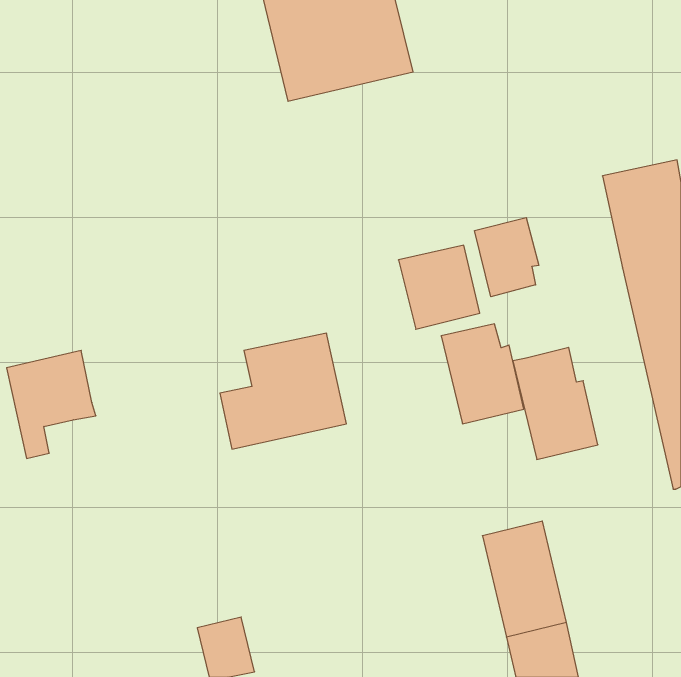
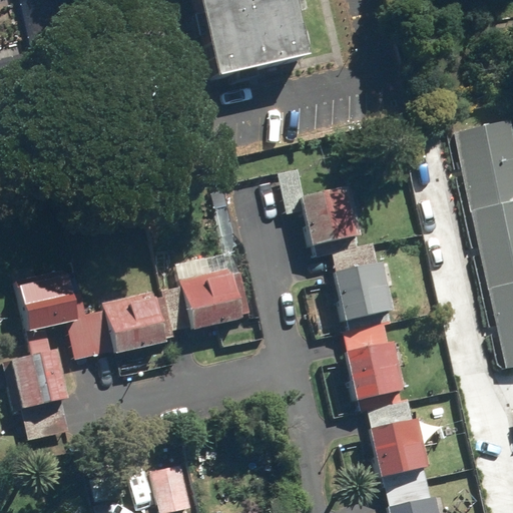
building: [475,218,539,297] -> none
building: [513,347,598,459] -> [339,317,403,401]
building: none -> [66,295,166,359]
building: none -> [8,356,72,441]

